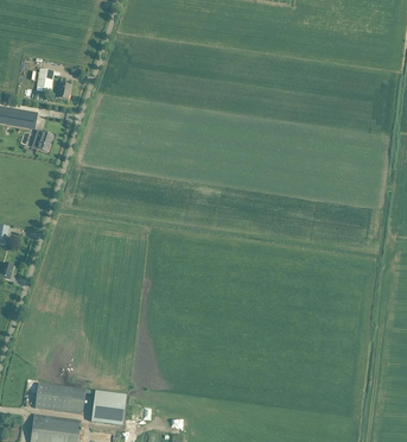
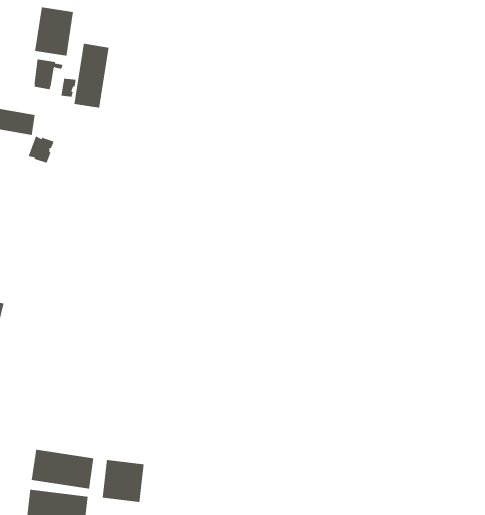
building: none -> [34,6,74,57]
building: none -> [74,43,109,109]

